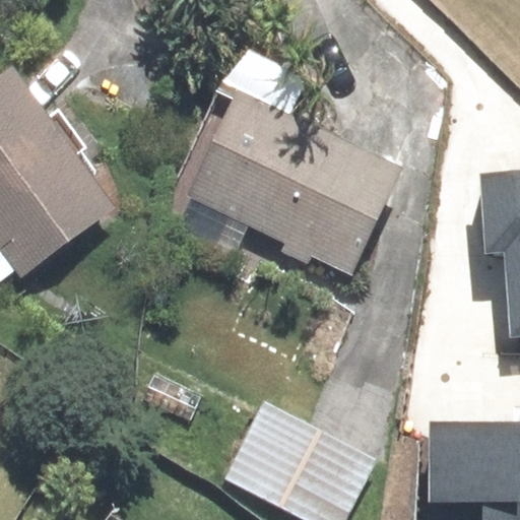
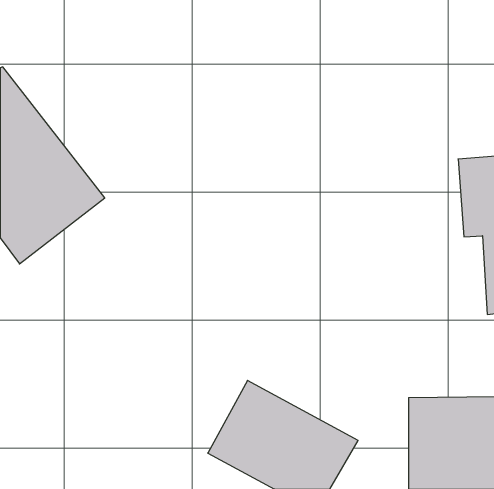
building: [182,94,393,274] -> none

